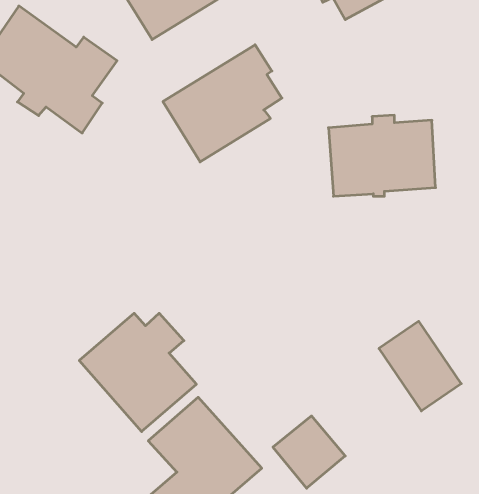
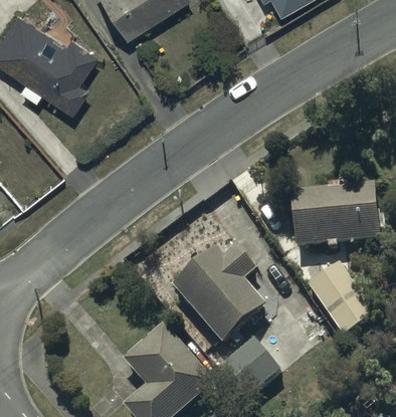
building: [163,45,282,162] -> none
building: [328,115,436,196] -> [291,181,378,246]
building: [79,313,196,432] -> [171,247,265,343]

